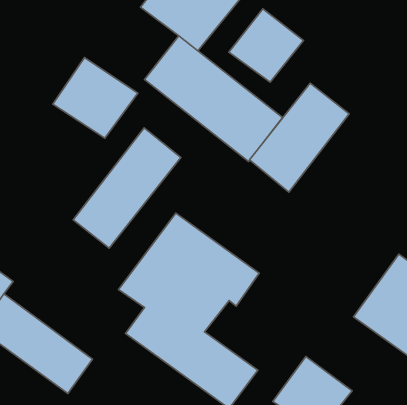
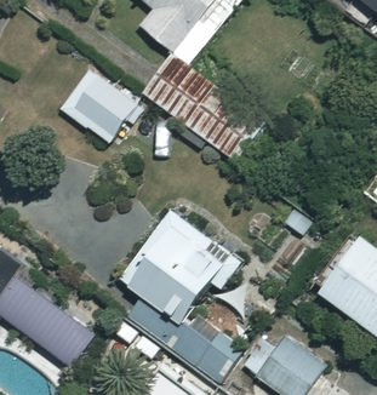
building: [229,9,303,82] -> none
building: [249,83,349,192] -> none
building: [73,128,181,248] -> none

